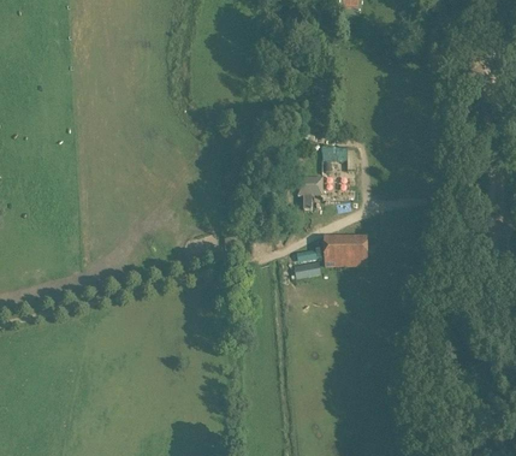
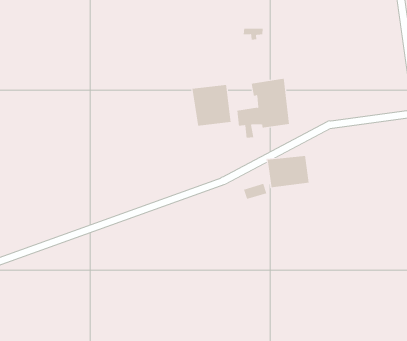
building: none -> [192,84,231,126]

